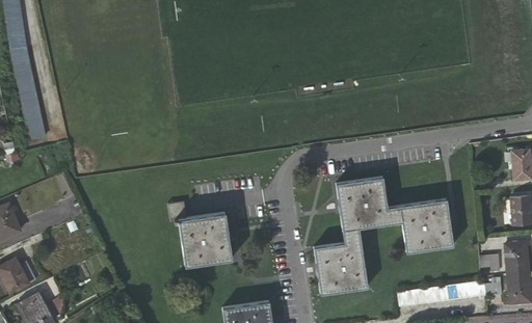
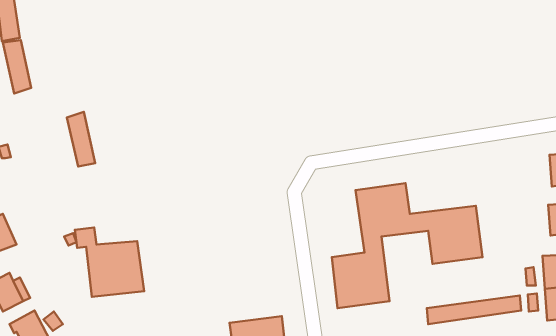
building: [22,90,48,140] -> [67,112,95,166]
building: [166,198,230,262] -> [75,227,144,297]

